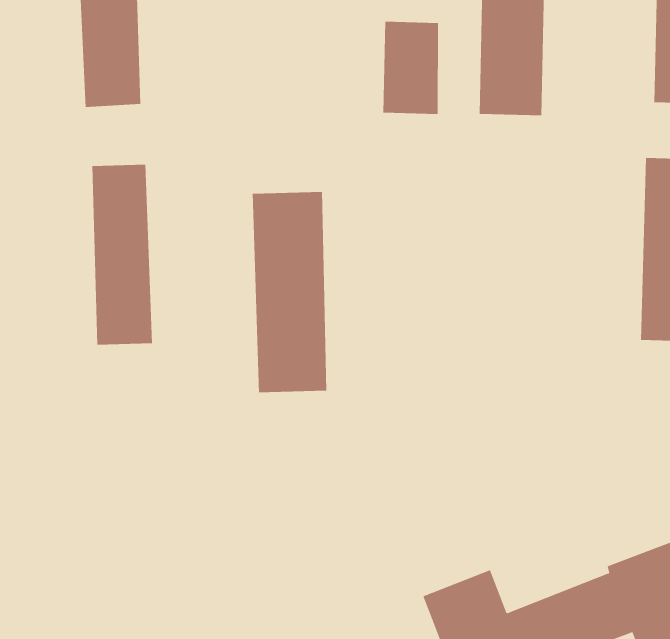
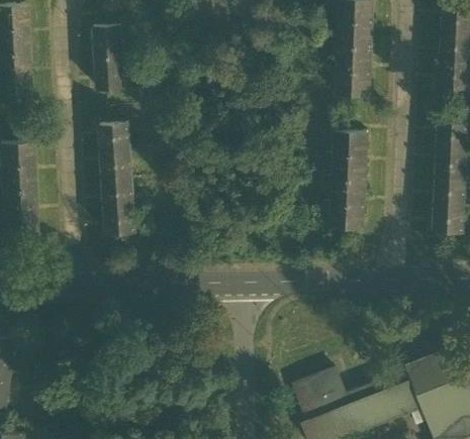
building: [383,21,438,115] -> none
building: none -> [330,130,367,229]
building: [252,191,327,393] -> none

